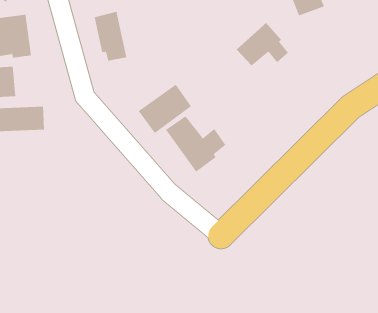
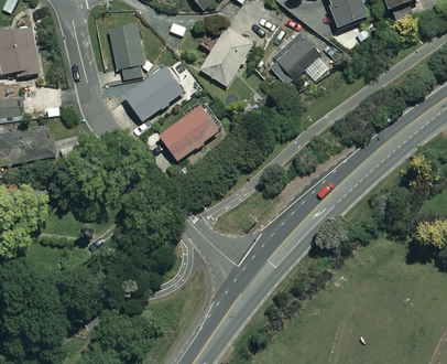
building: none -> [200,28,252,85]
building: none -> [126,66,185,120]
building: [165,116,226,172] -> none

